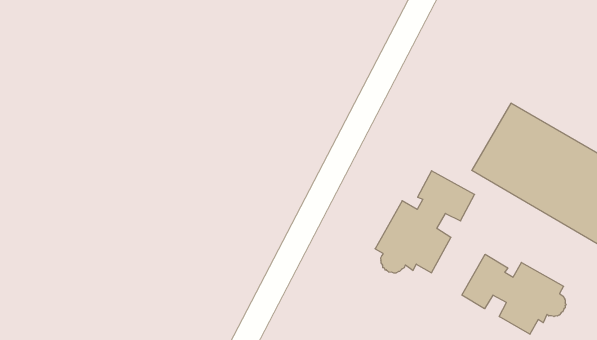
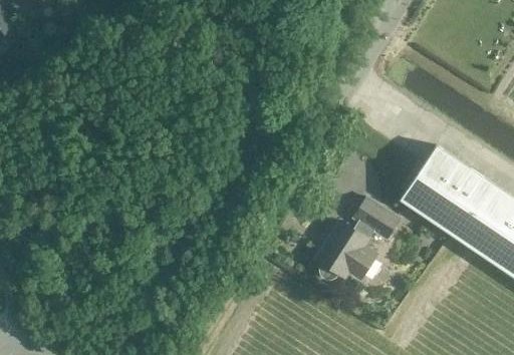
building: [462,254,566,334] -> none

